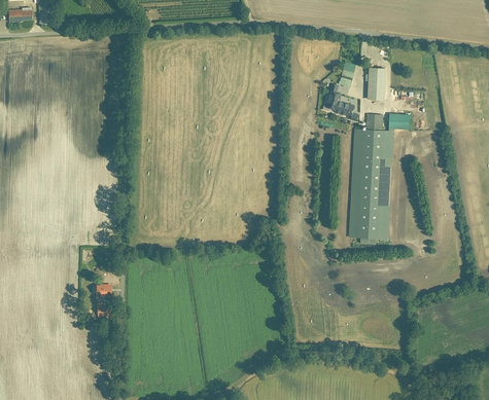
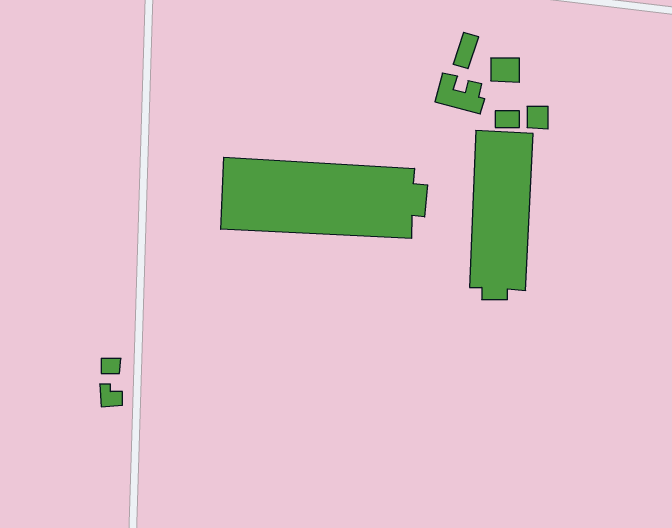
building: none -> [221,157,428,238]

